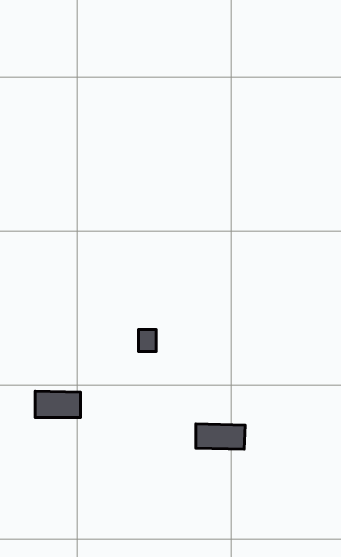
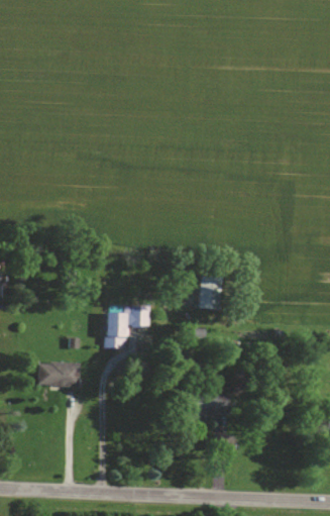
building: none -> [200,276,222,309]
building: none -> [105,311,125,348]

